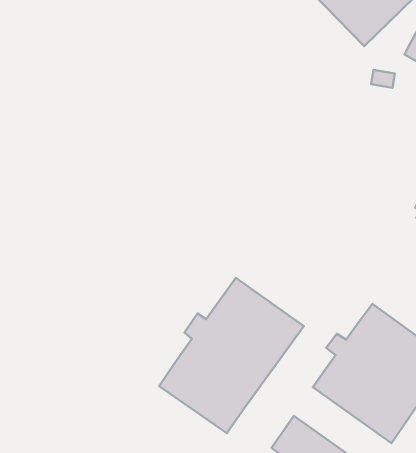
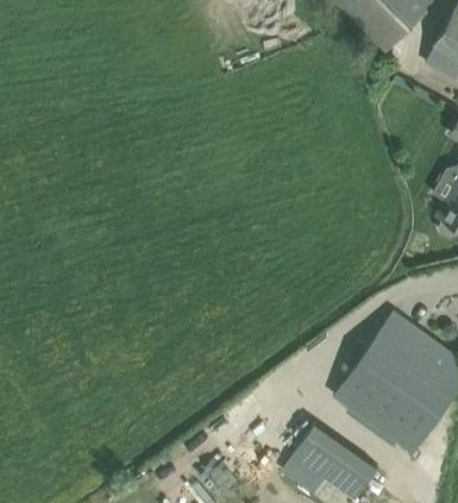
building: [159,278,304,433] -> none

